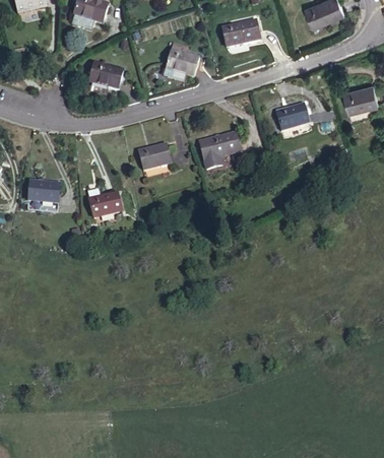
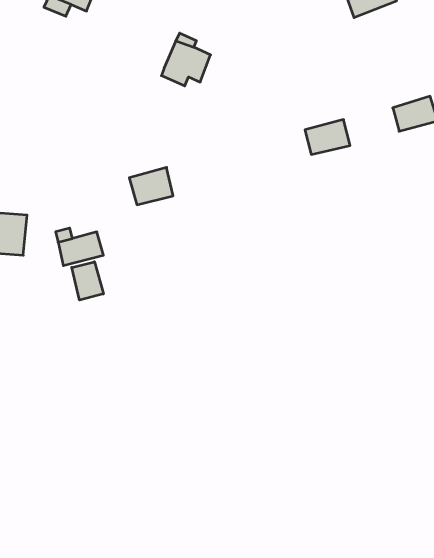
building: [225,17,264,46] -> none
building: [88,57,127,89] -> none
building: [200,132,241,170] -> none
building: none -> [72,262,103,300]

